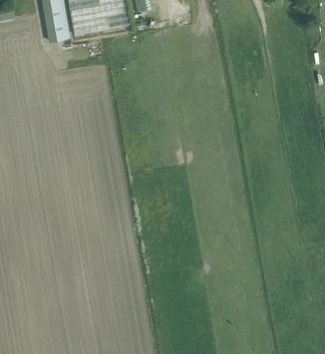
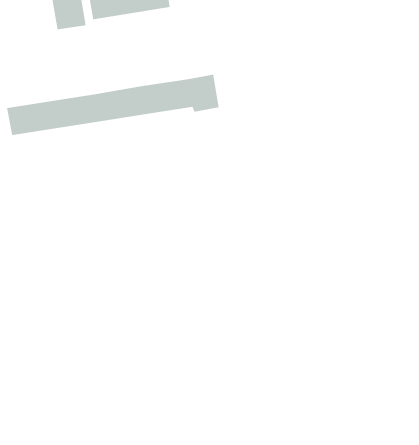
building: none -> [7,74,219,136]

